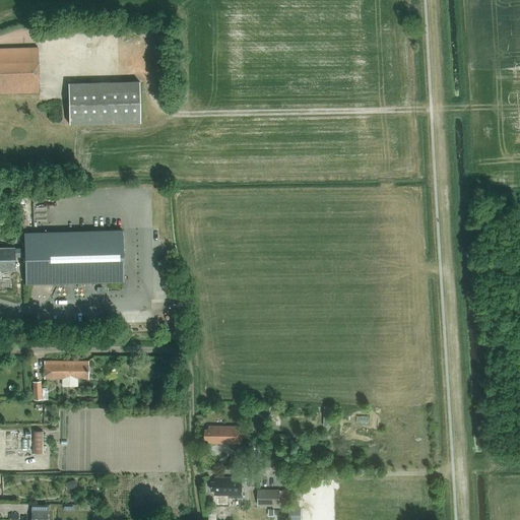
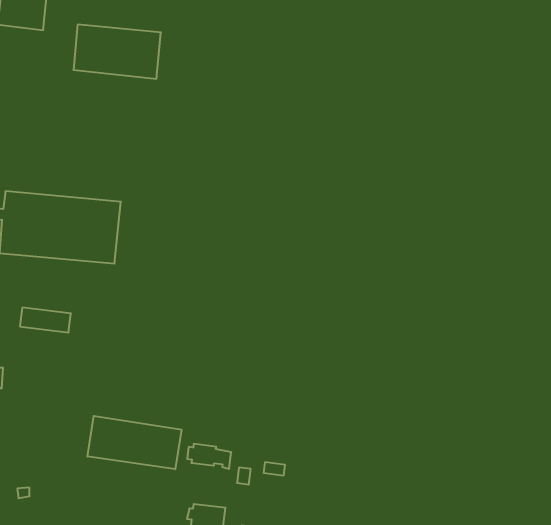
building: [46,362,87,378] -> [20,308,71,332]
building: none -> [87,416,181,469]

